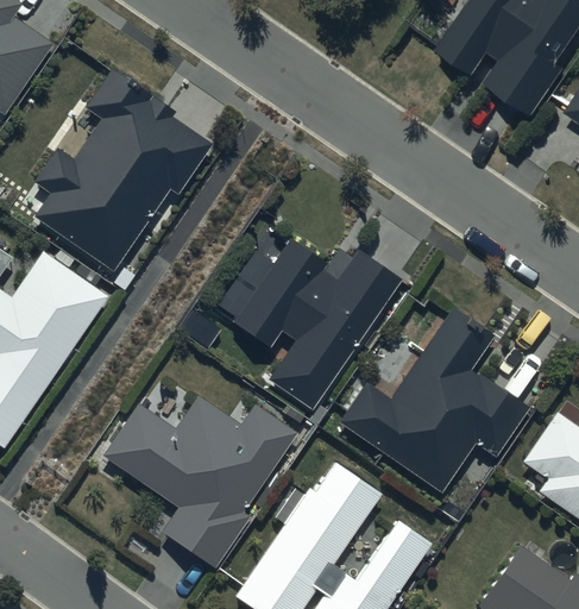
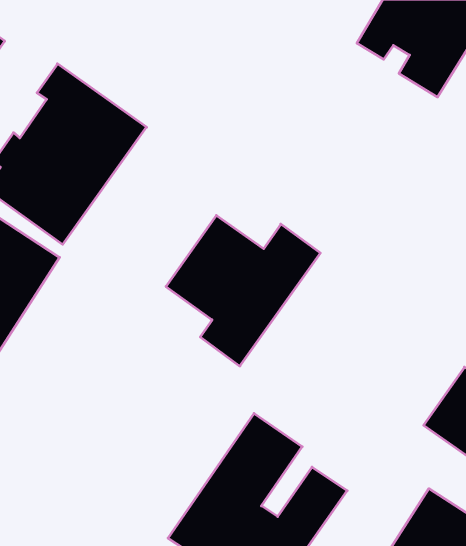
building: [338,310,528,492] -> none
building: [100,396,300,566] -> none

